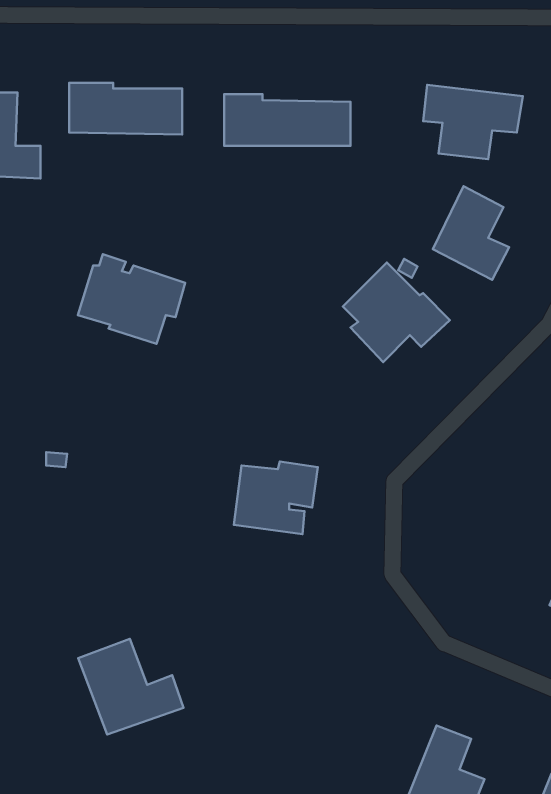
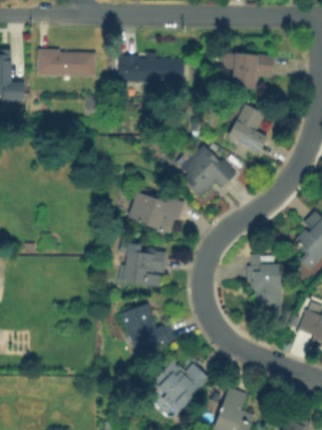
building: [78,254,185,344] -> [128,186,185,233]
building: none -> [247,254,281,307]
building: [78,639,184,735] -> [120,303,176,354]
building: none -> [152,360,210,416]

